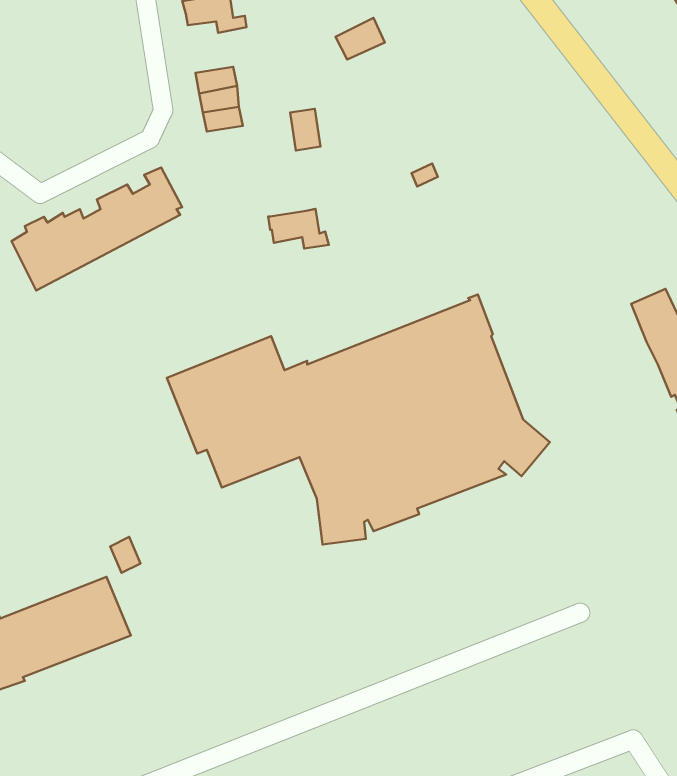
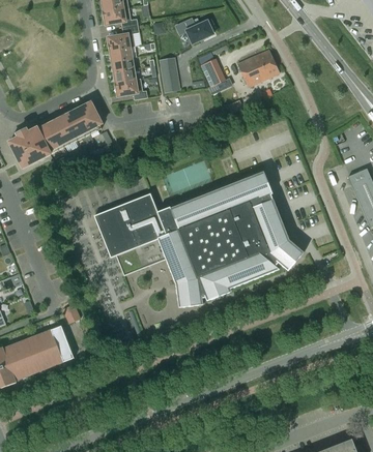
building: none -> [107,25,138,50]
building: none -> [236,50,279,87]
building: none -> [200,58,225,86]
building: [268,209,329,249] -> [114,78,147,99]

